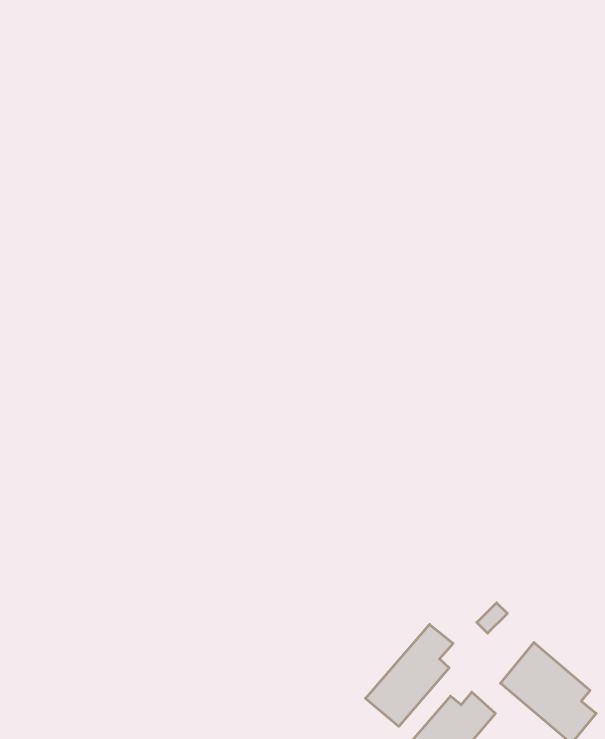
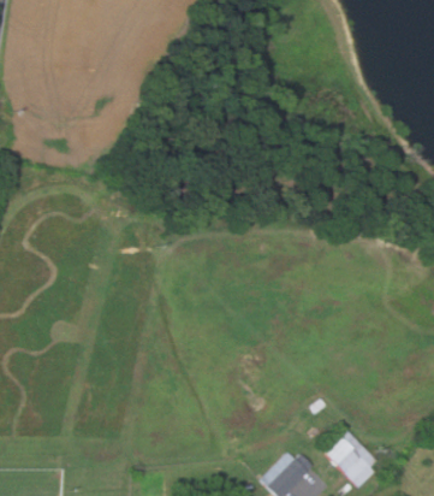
building: [365,624,453,726] -> none

